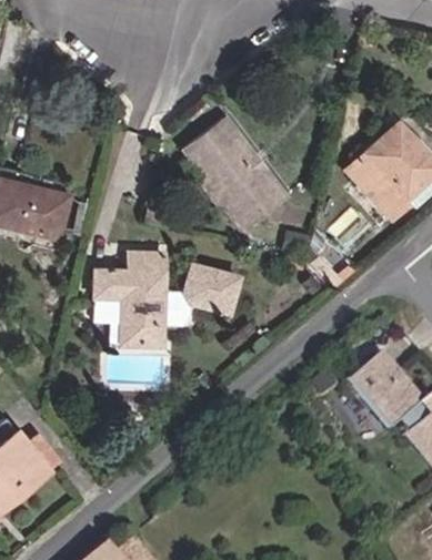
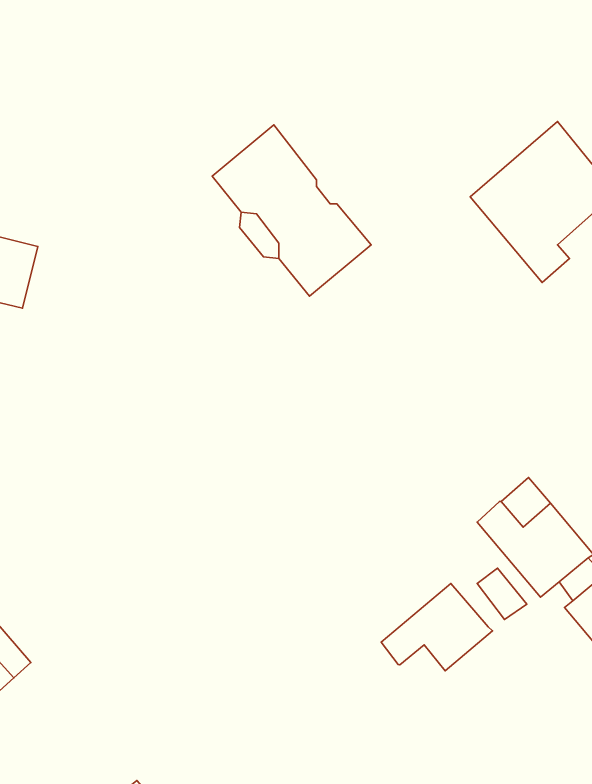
building: [97,258,235,350] -> none
building: none -> [381,584,492,671]

